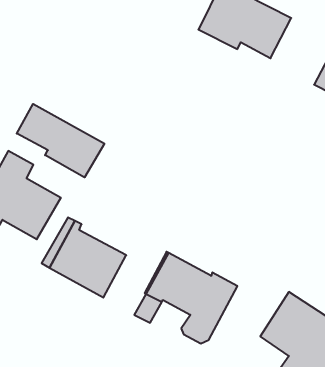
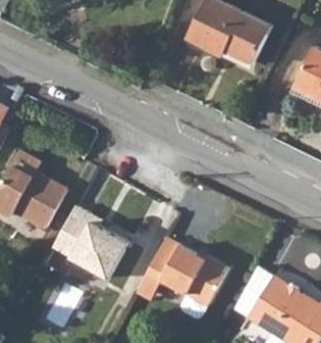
building: [17,104,104,177] -> none

